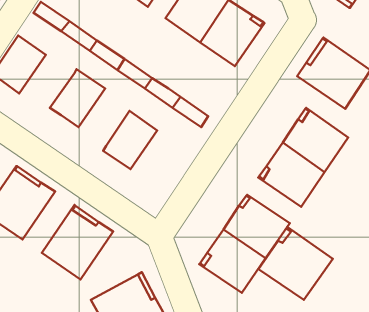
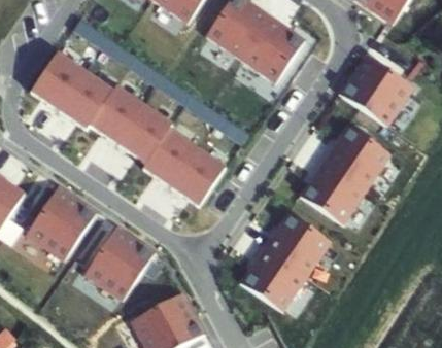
building: none -> [58,71,113,129]
building: none -> [117,105,172,163]
building: none -> [170,147,226,206]
building: [259,227,333,300] -> none

